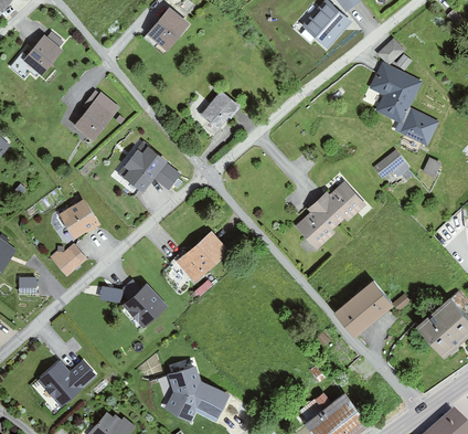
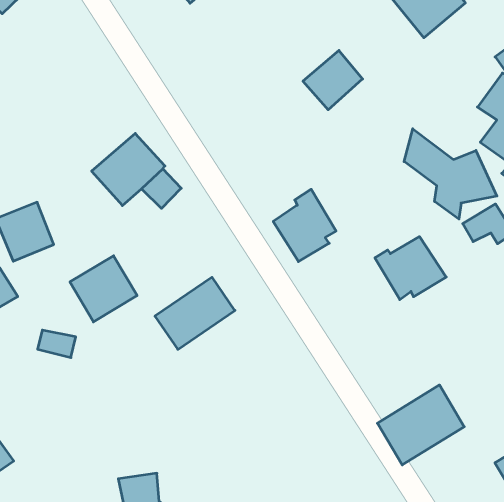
building: [73,87,119,140] -> none
building: [200,89,240,130] -> [303,50,363,110]
building: none -> [404,129,497,219]
building: [295,200,338,250] -> [273,189,336,262]
building: [121,283,168,329] -> [70,256,137,322]

